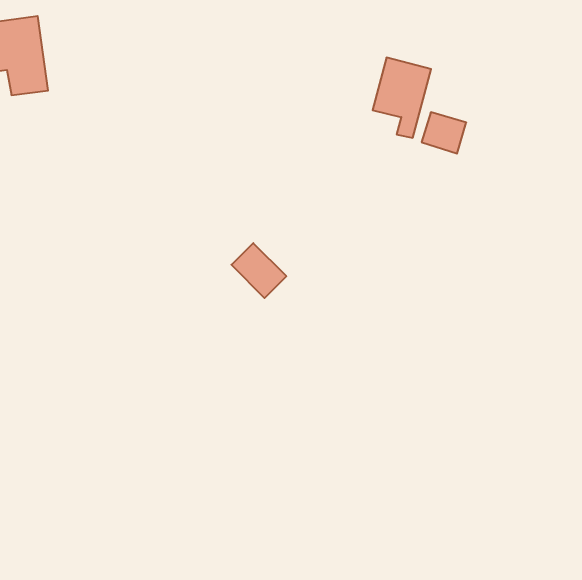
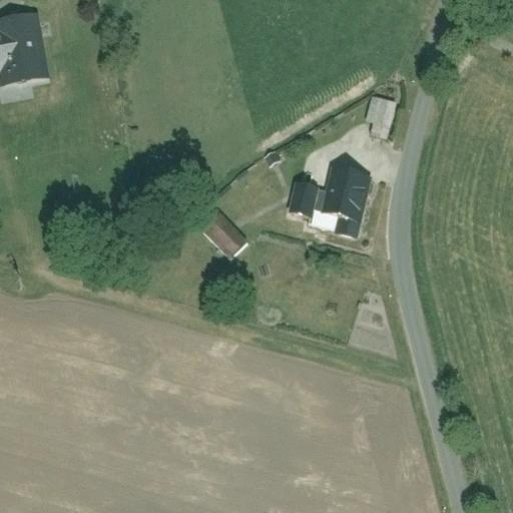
building: [373,58,431,138] -> [319,167,370,237]
building: none -> [287,180,316,217]

